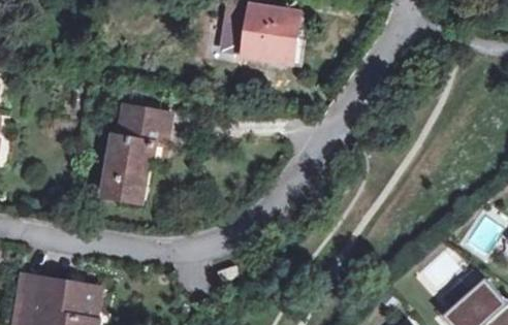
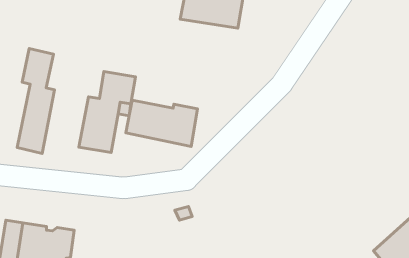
building: none -> [17,48,54,154]
building: none -> [126,100,198,146]

